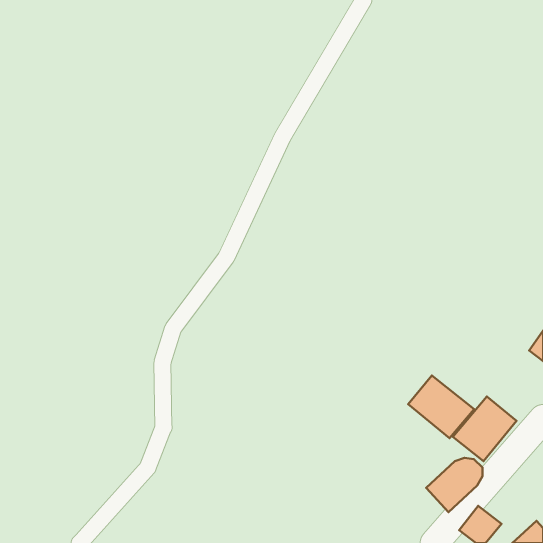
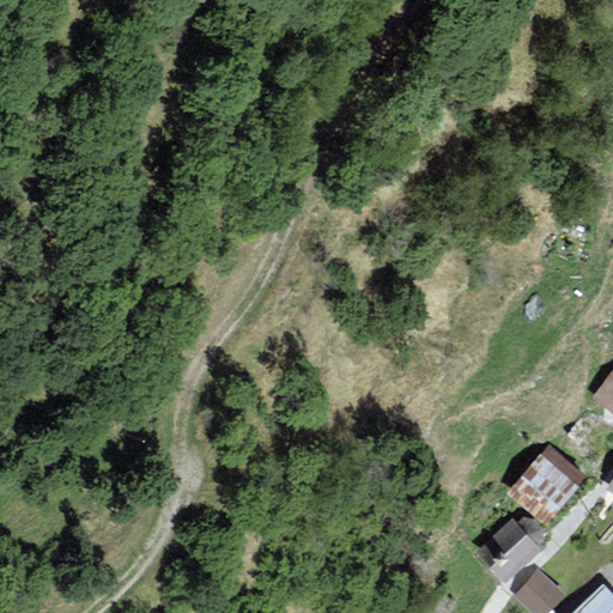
building: [408,375,474,438] -> none

